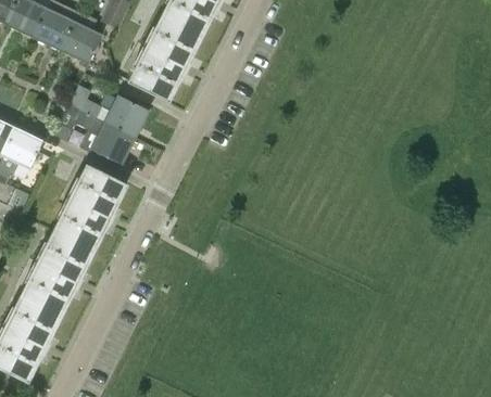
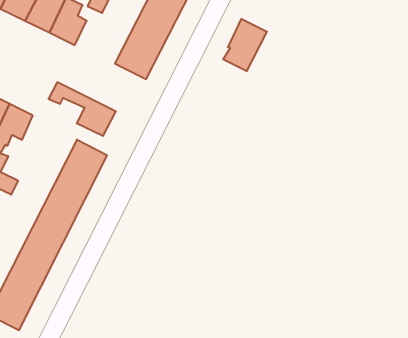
building: none -> [223,19,267,71]
building: [67,81,146,136] -> none

